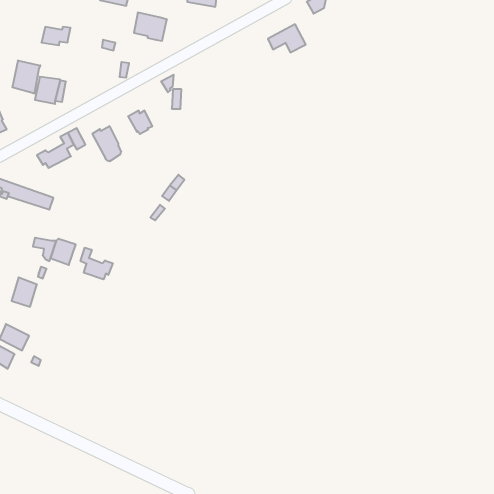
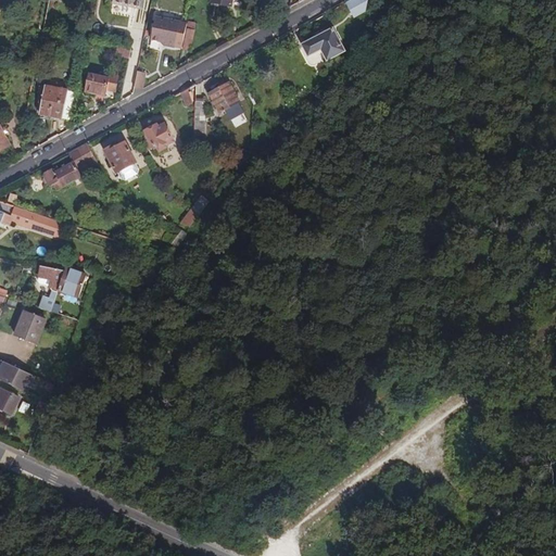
building: [41,27,71,45] -> [84,73,116,93]
building: [12,60,40,94] -> none
building: none -> [207,83,241,118]
building: [81,248,113,279] -> none

